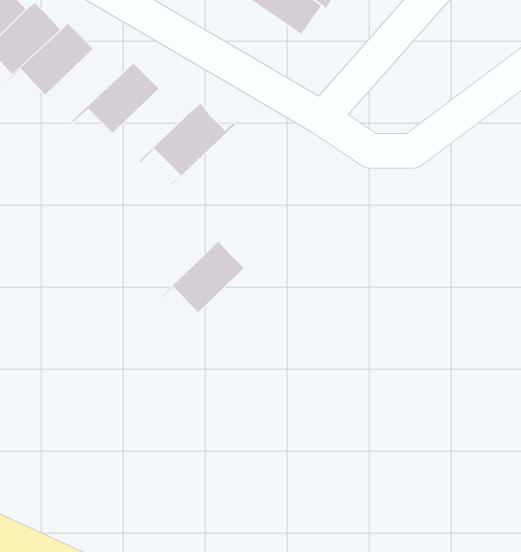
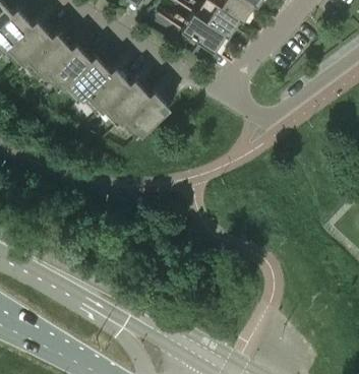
building: none -> [57,56,109,99]
building: [158,241,245,313] -> [97,79,147,122]

